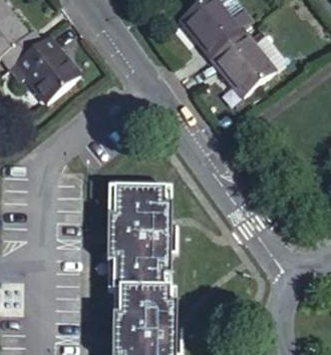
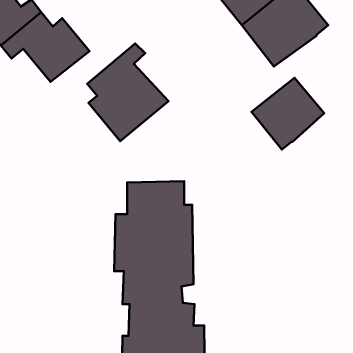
building: none -> [87,43,168,141]
building: none -> [252,78,324,150]

